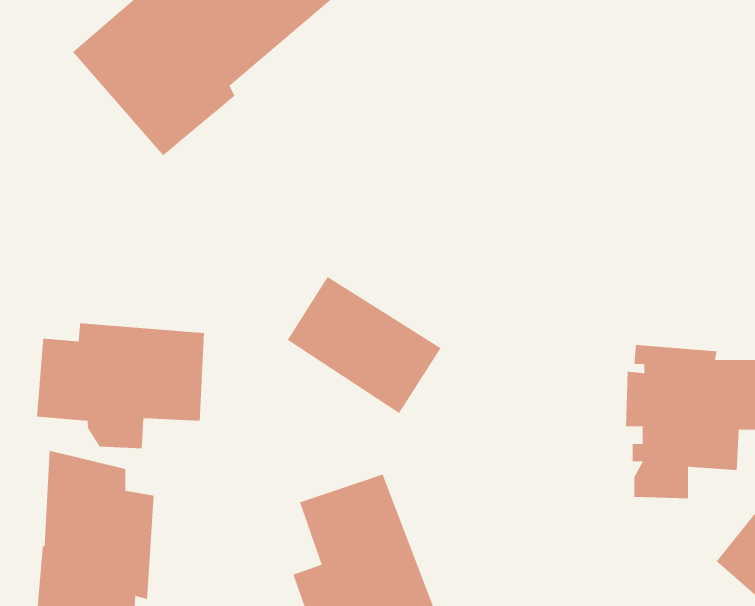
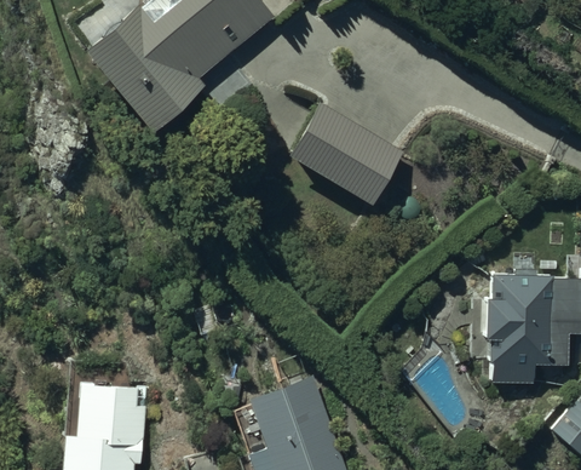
building: [287,276,441,414] -> [289,107,401,206]
building: [36,323,204,449] -> none

